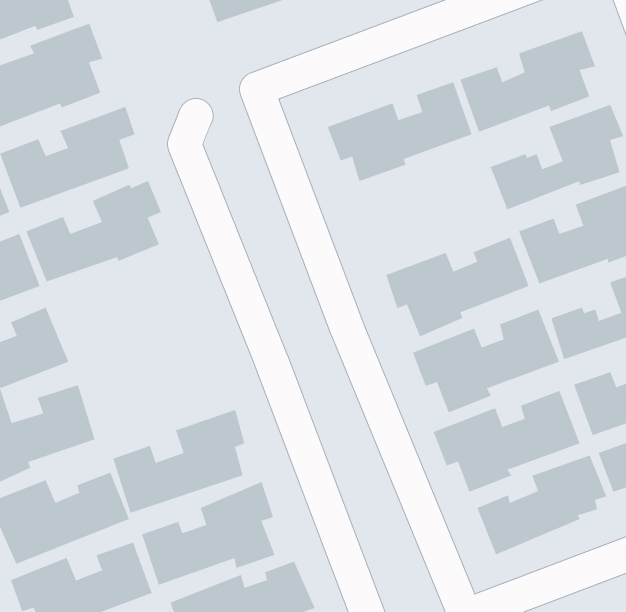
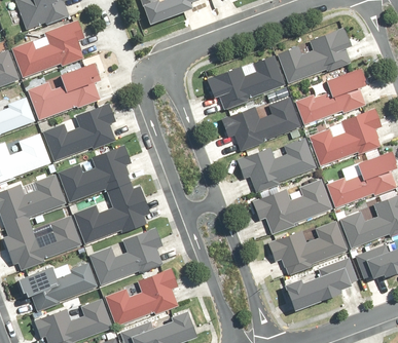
building: none -> [221,94,299,149]
building: none -> [58,147,151,245]

